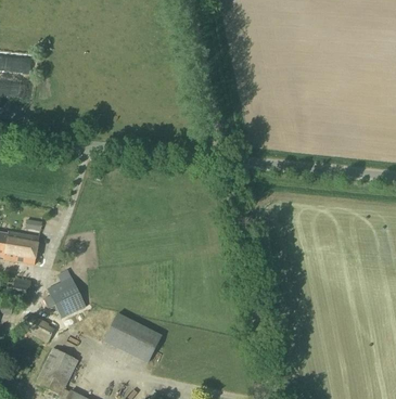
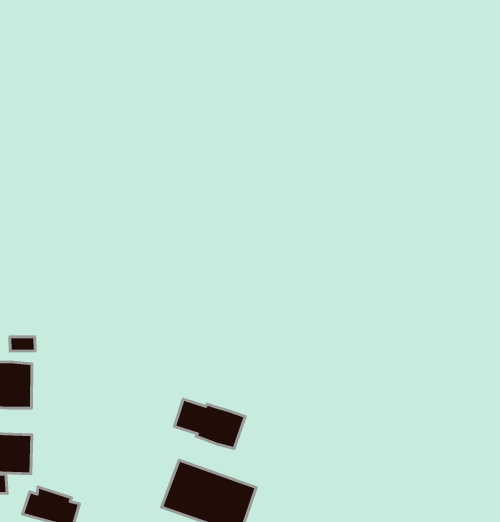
building: none -> [175,399,245,449]
building: [43,276,85,318] -> none

